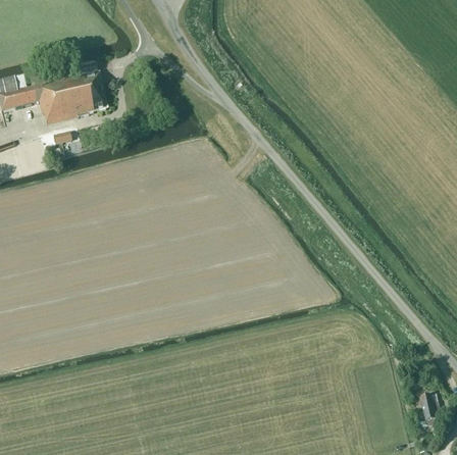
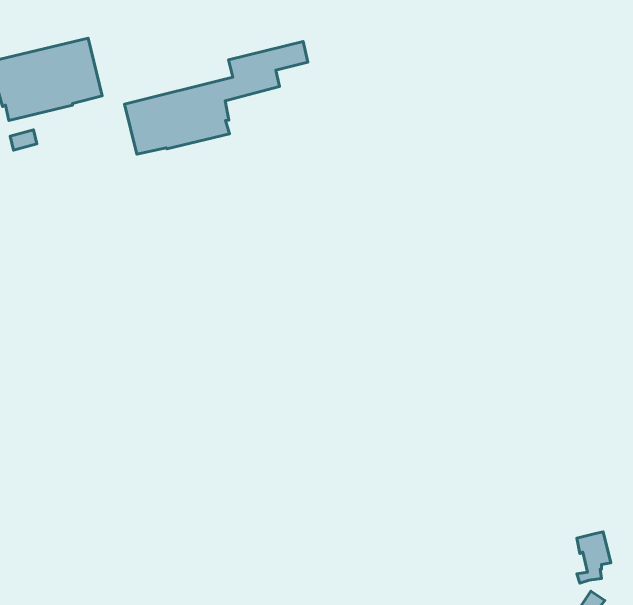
building: none -> [125,42,308,154]

